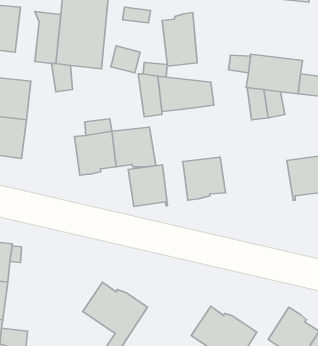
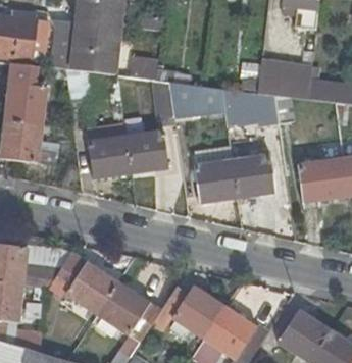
building: [162,12,197,66] -> none
building: none -> [232,156,274,197]
building: [128,165,168,206] -> none
building: none -> [50,250,116,313]
building: none -> [172,284,222,336]

